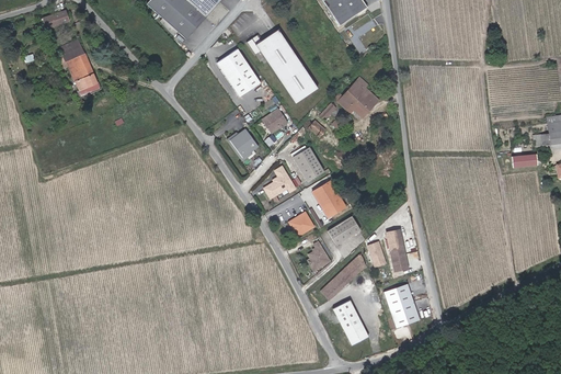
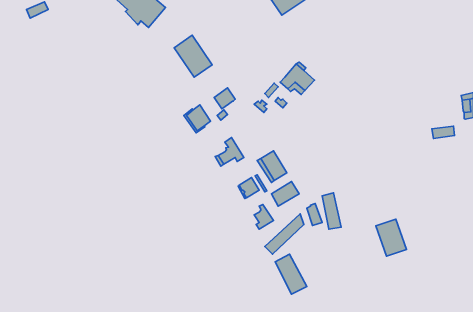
building: [247,29,317,103] -> none
building: [61,37,99,88] -> none
building: [293,147,323,181] -> none
building: [383,284,419,327] -> [376,219,406,256]

